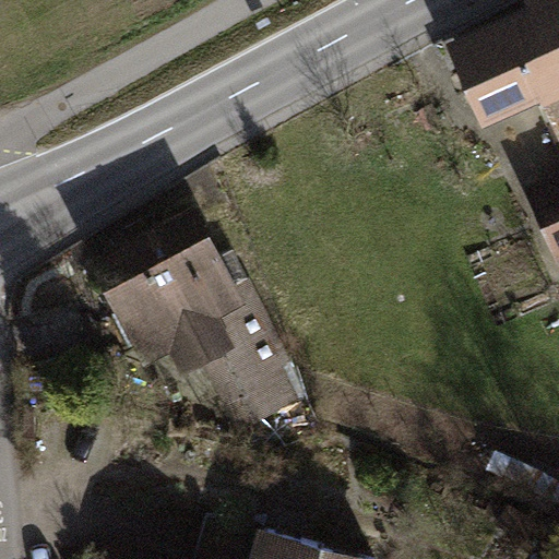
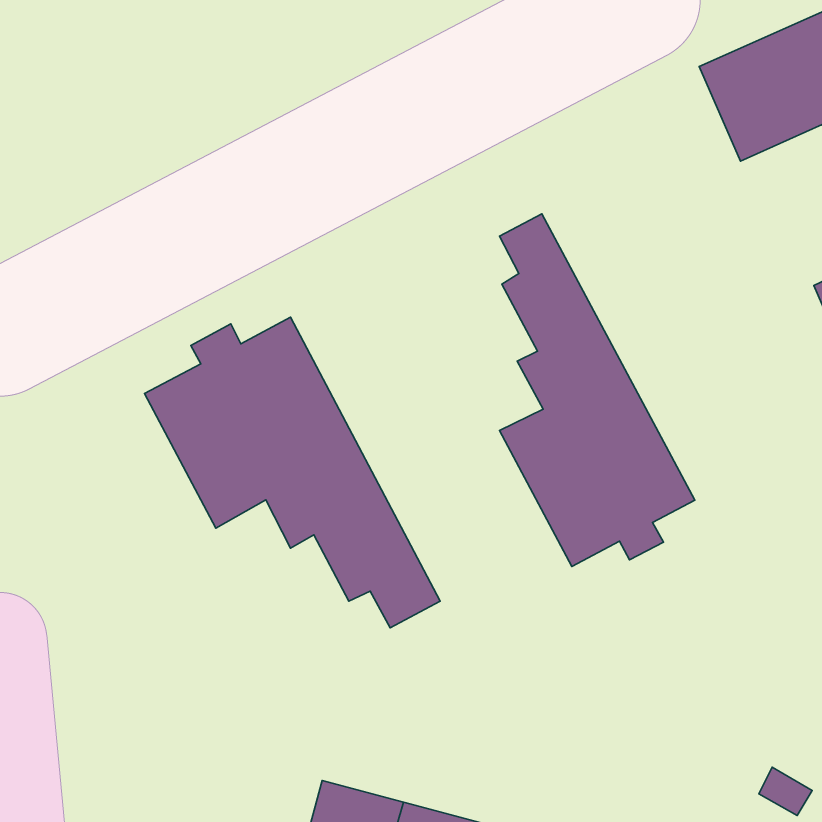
building: none -> [500,214,695,567]

